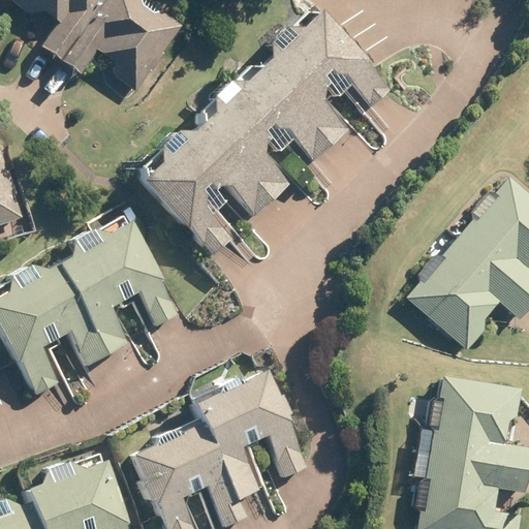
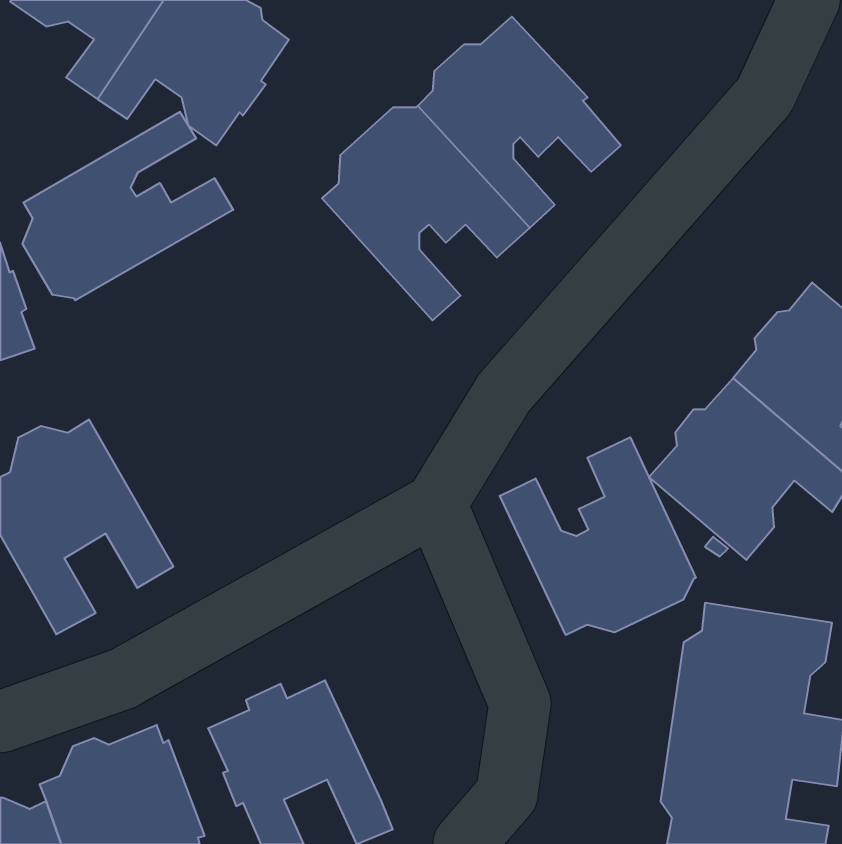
building: none -> [23,112,233,300]
building: [143,124,272,256] -> none
building: [57,222,177,354] -> none
building: none -> [500,437,696,635]
building: [195,372,306,501] -> none

